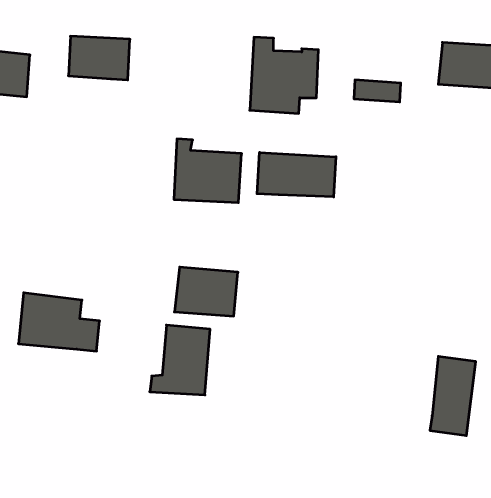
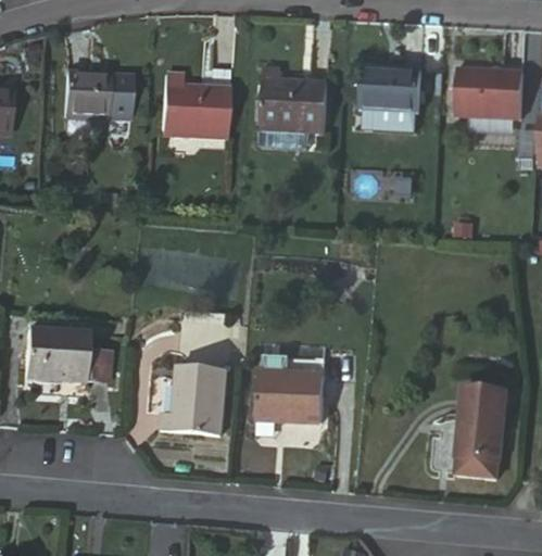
building: none -> [367,66,426,110]
building: [174,139,242,203] -> [166,73,237,139]
building: [257,152,336,197] -> none
building: [174,267,238,316] -> [254,375,320,426]

